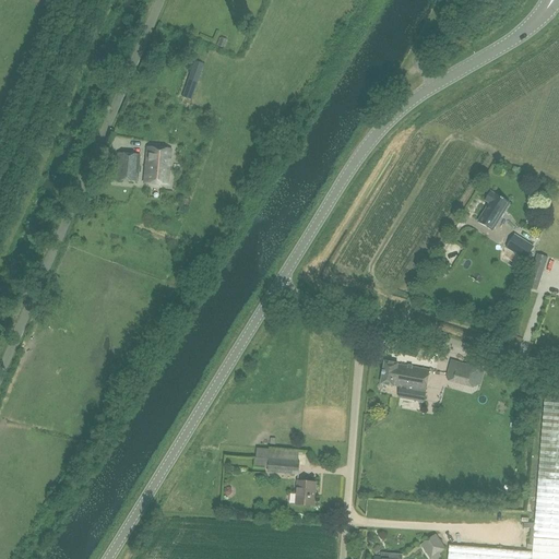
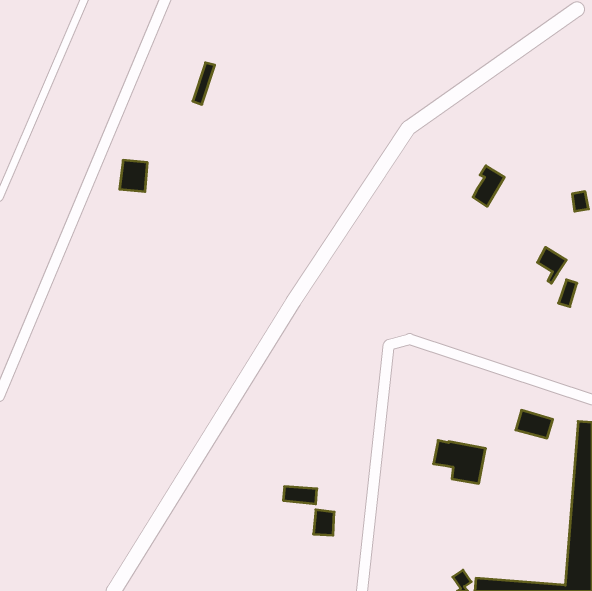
building: [143,146,169,182] -> none
building: [478,190,508,228] -> [473,166,504,206]
building: [444,358,479,384] -> [516,410,553,438]
building: [380,360,429,401] -> [433,440,486,483]

